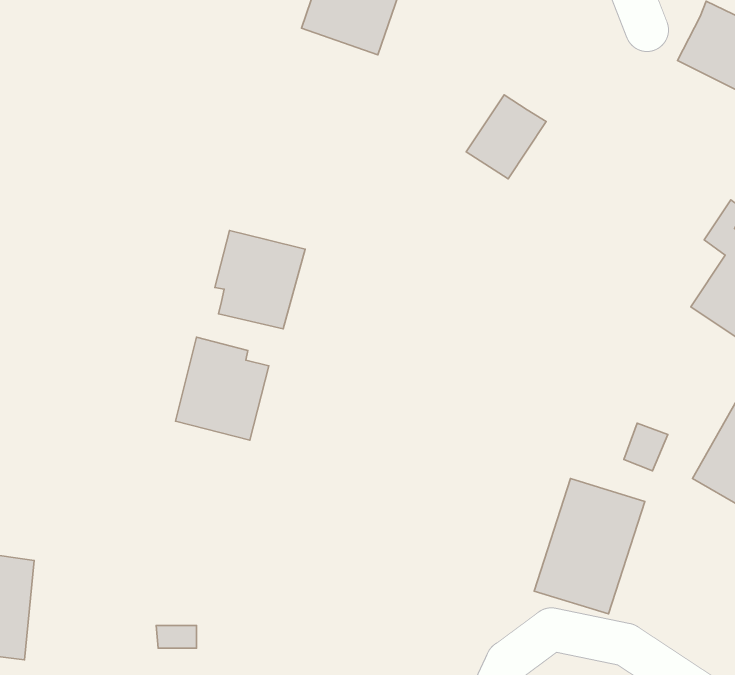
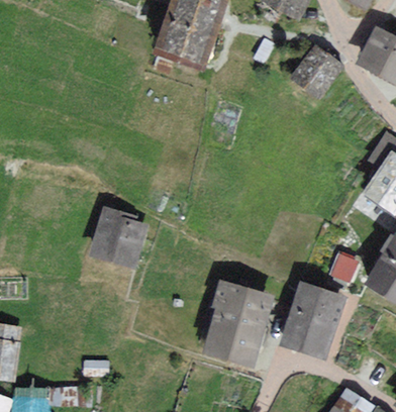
building: [466,95,546,179] -> [295,48,337,93]
building: [215,231,305,329] -> none
building: none -> [206,284,269,365]

